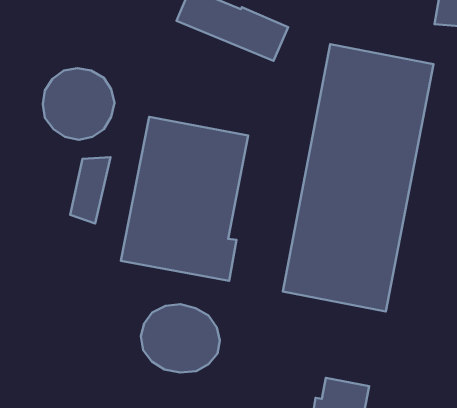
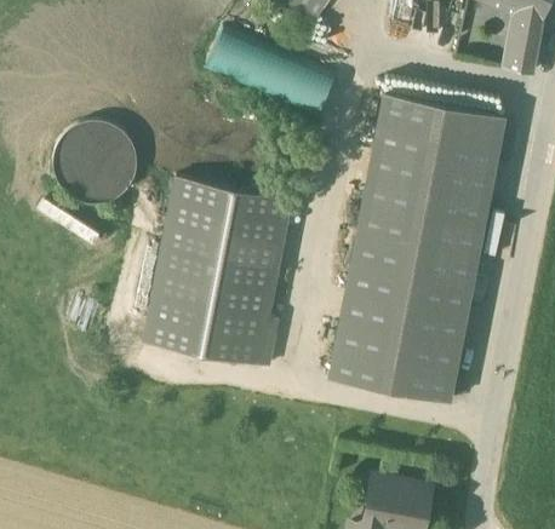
building: [70,157,111,223] -> none
building: [141,304,220,372] -> none

